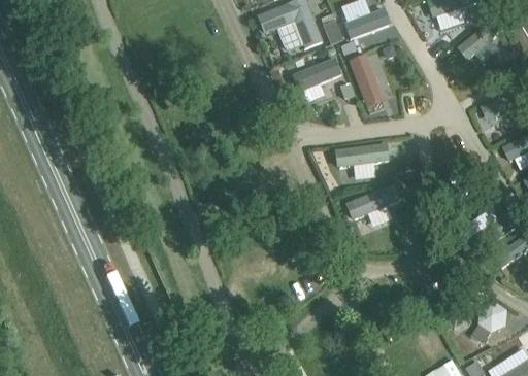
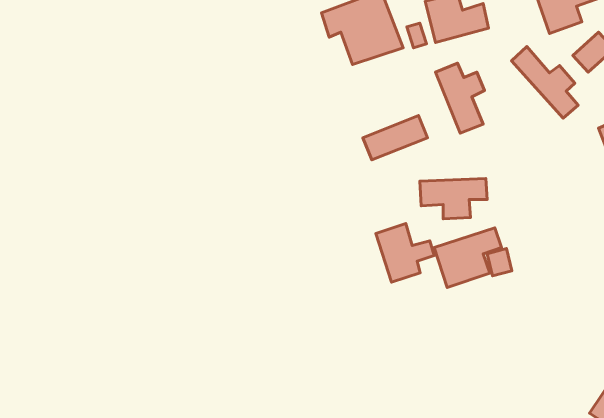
building: none -> [511,46,578,118]
building: [291,57,342,92] -> [363,116,428,160]
building: none -> [376,223,434,282]

